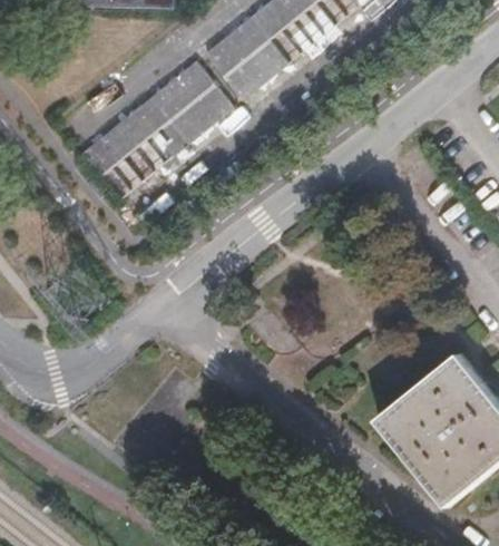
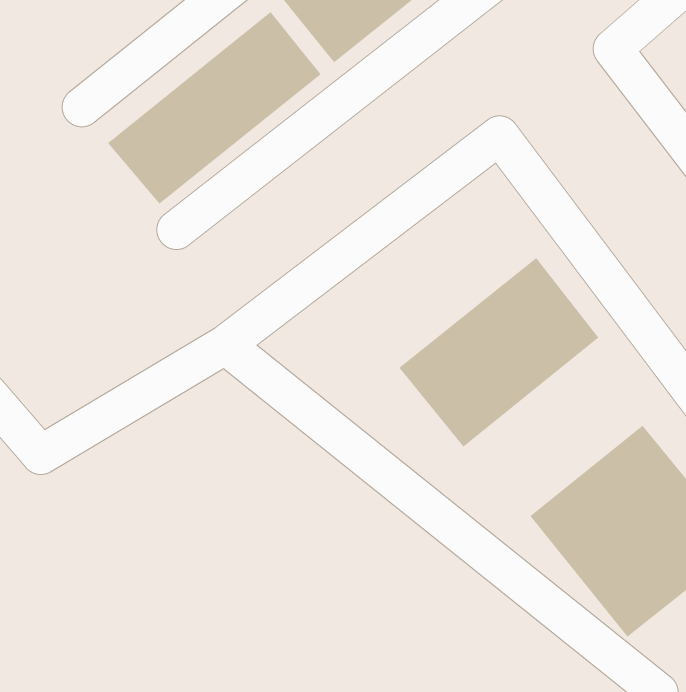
building: none -> [399,257,599,447]

